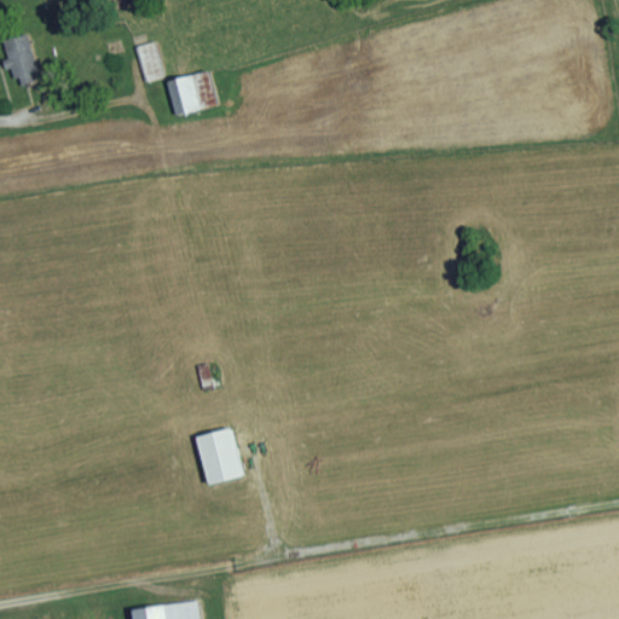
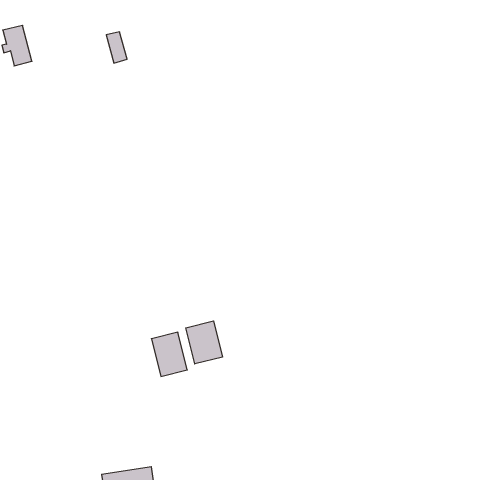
building: [166,70,216,115] -> none
building: none -> [186,321,222,364]

